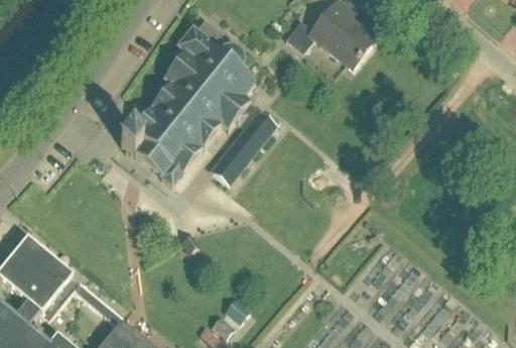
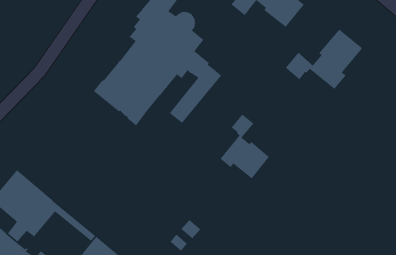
building: none -> [285,29,363,90]
building: none -> [220,114,270,179]

